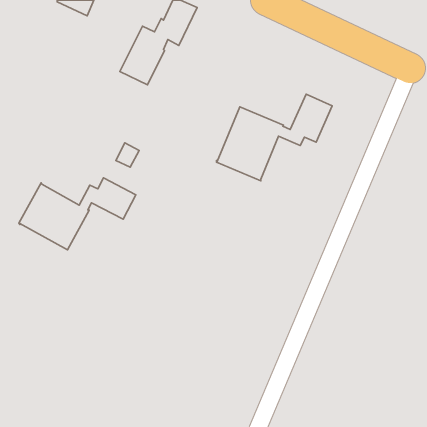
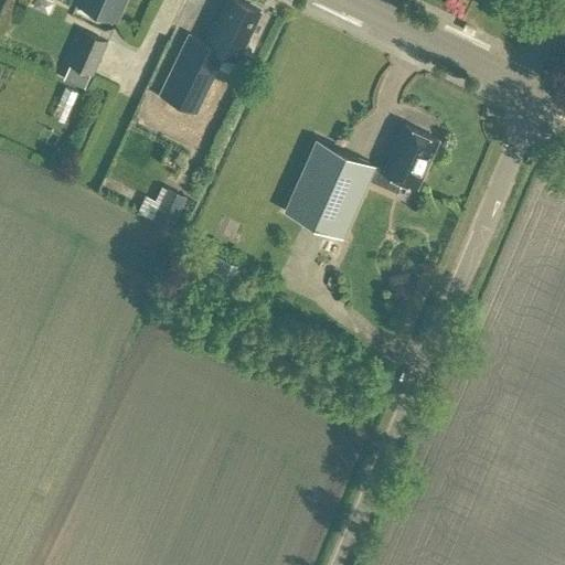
building: none -> [57,33,104,90]
building: [19,178,136,250] -> none

